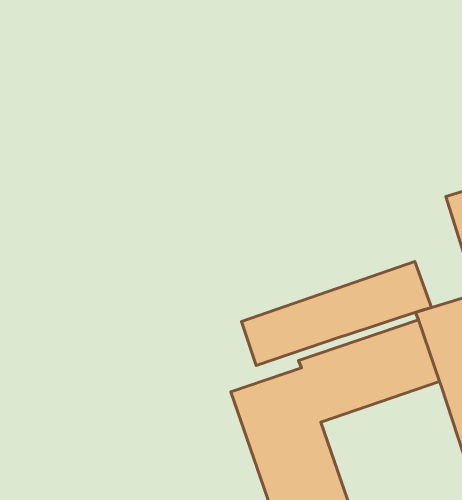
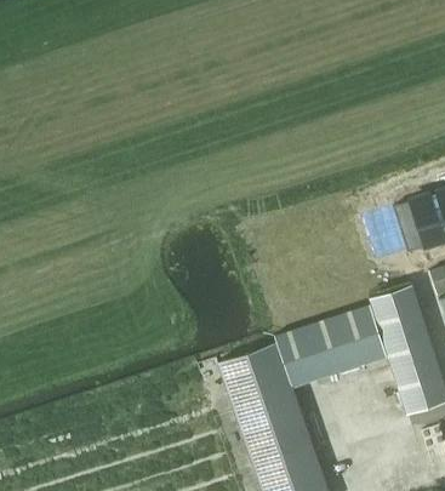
building: [241,262,431,366] -> none

